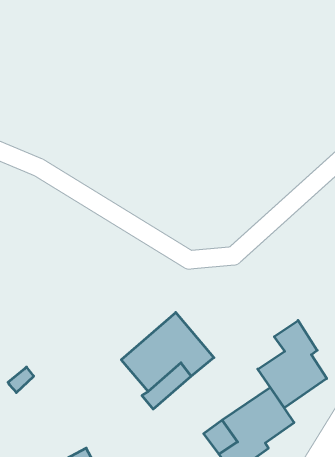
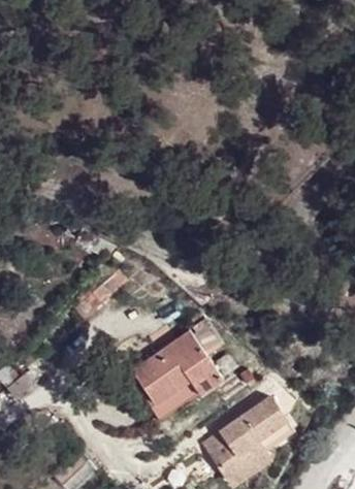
building: [258,320,327,408] -> none

